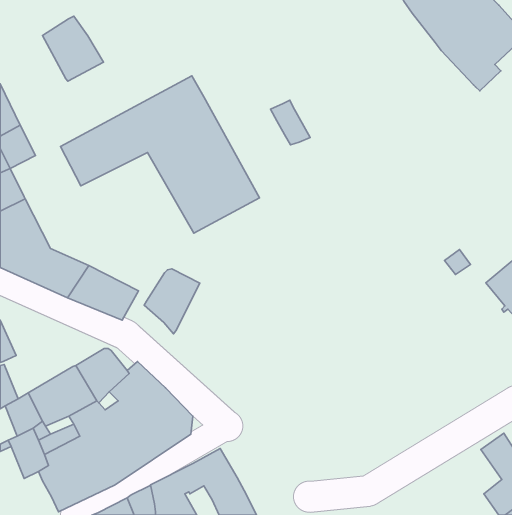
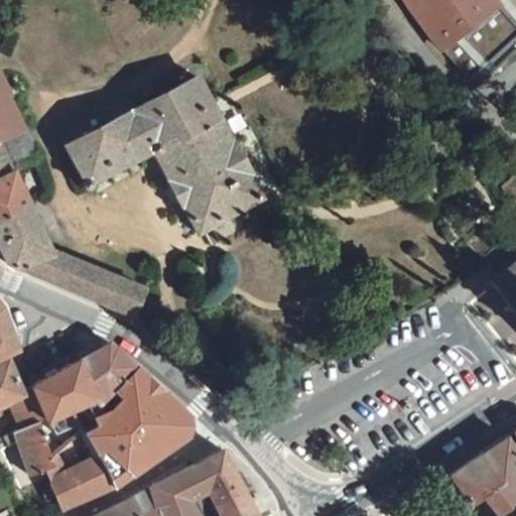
building: [42,16,103,81] -> none
building: [271,100,310,145] -> none
building: [144,269,200,334] -> none
building: none -> [453,448,505,500]

